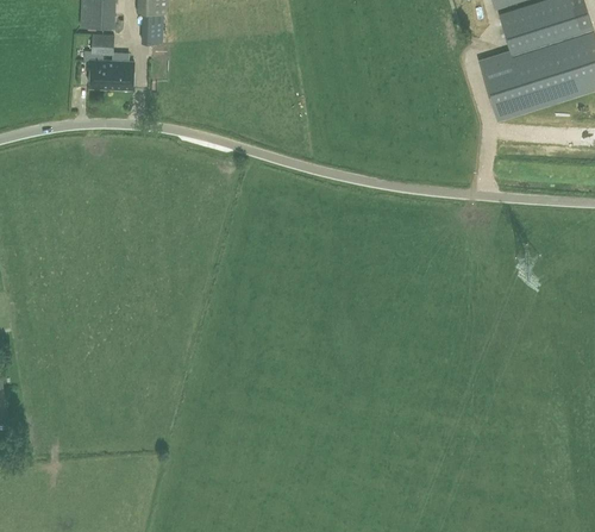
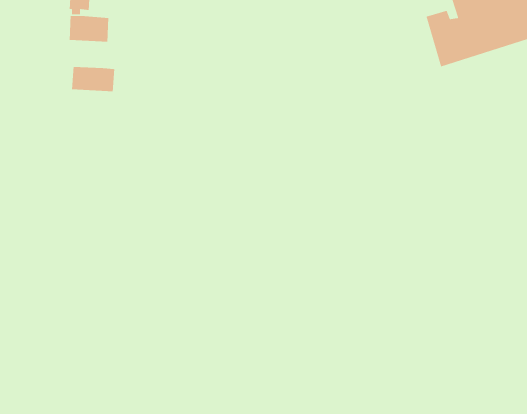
building: none -> [71,66,115,92]

